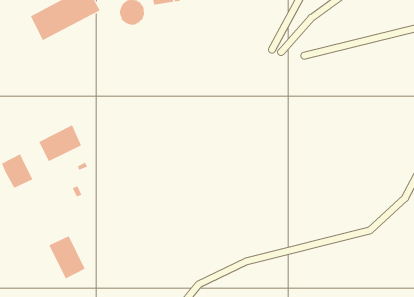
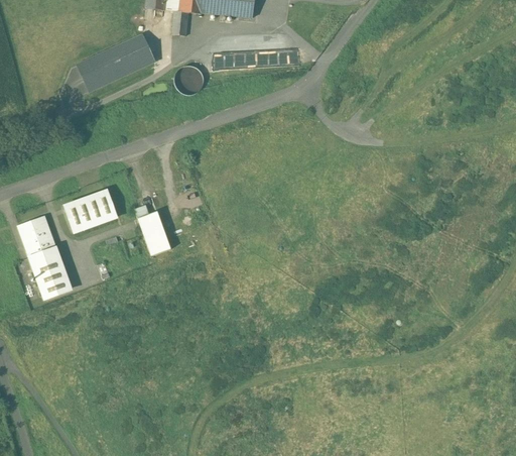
building: none -> [134,204,171,255]
building: [48,236,85,279] -> [30,248,70,298]

